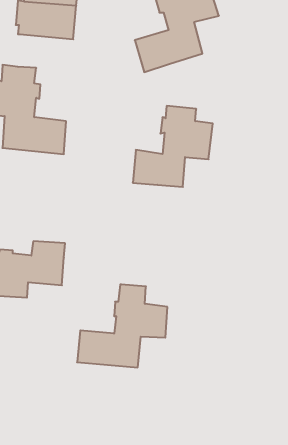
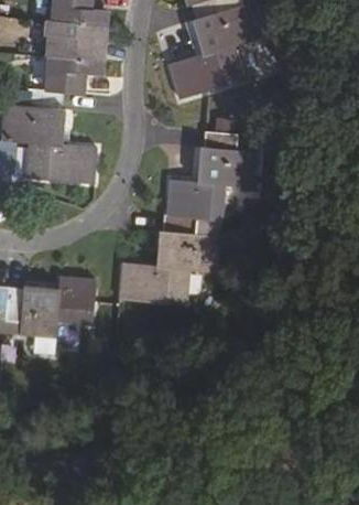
building: none -> [44,54,104,93]
building: [77,284,167,367] -> [120,214,217,303]

